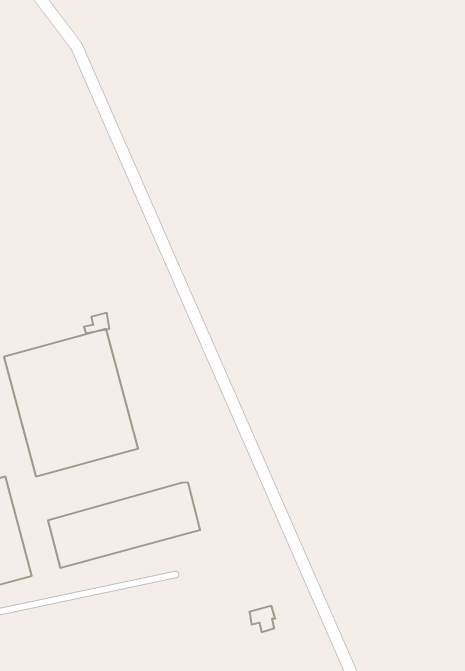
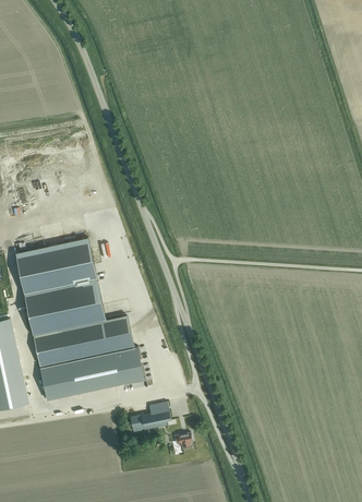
building: none -> [34,316,133,367]
building: none -> [130,405,170,432]

